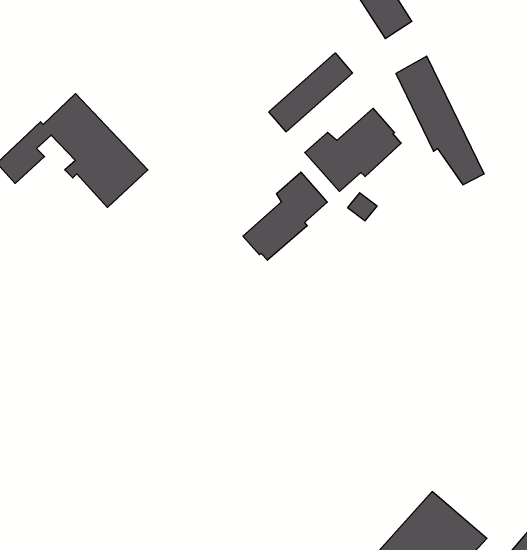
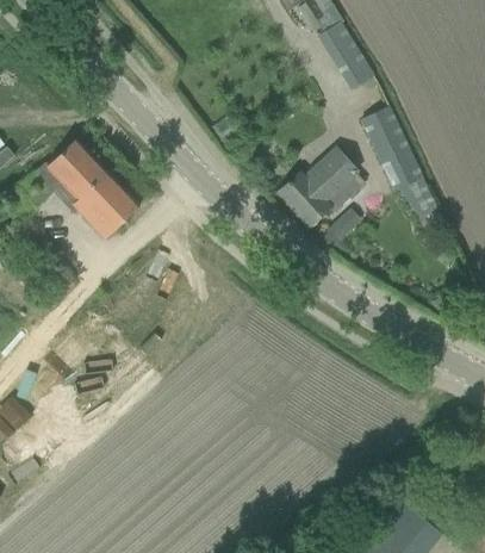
building: [269,53,352,132] -> none
building: [243,172,327,260] -> none

